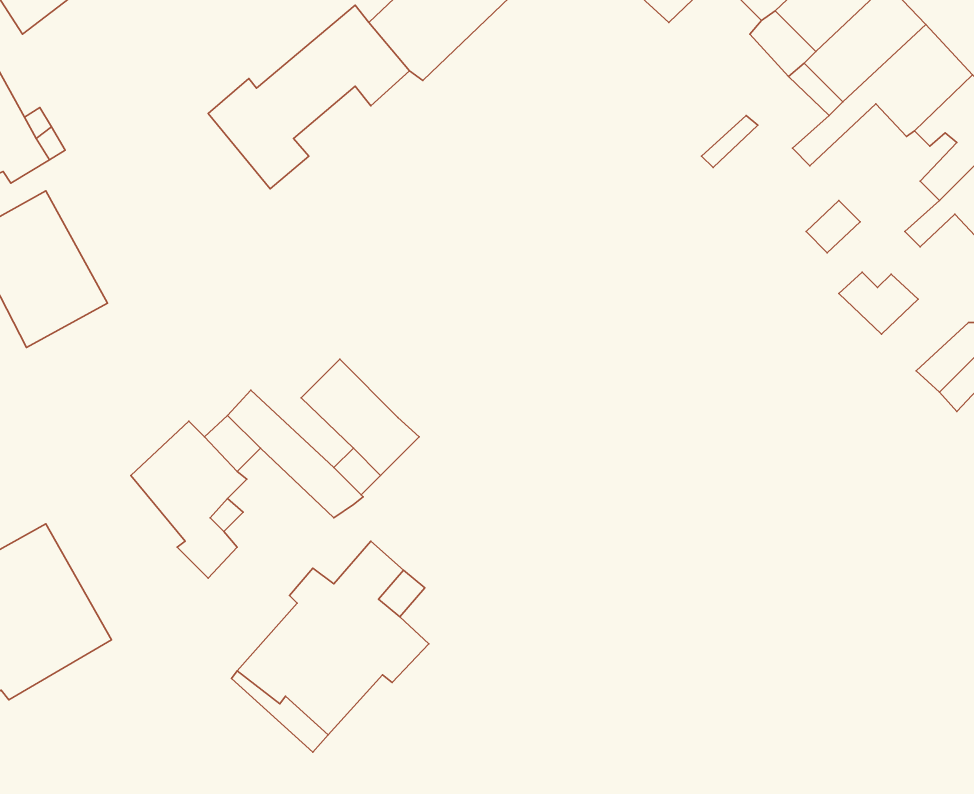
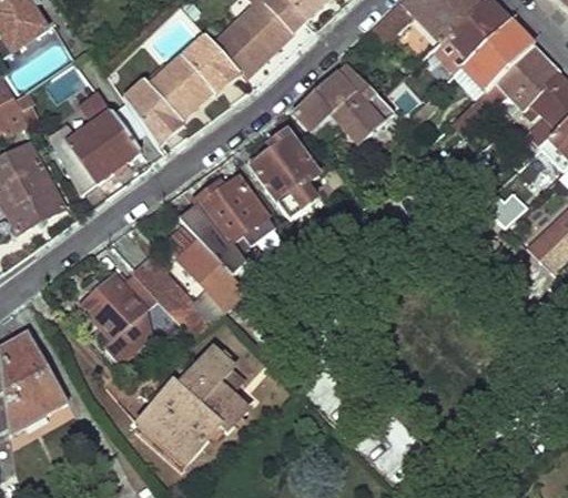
building: none -> [295,64,394,145]
building: none -> [50,89,139,186]
building: none -> [253,134,320,218]
building: none -> [178,175,274,272]

